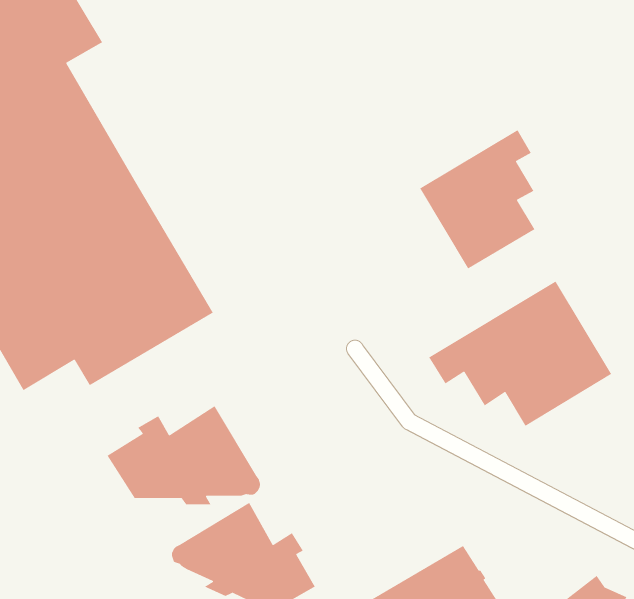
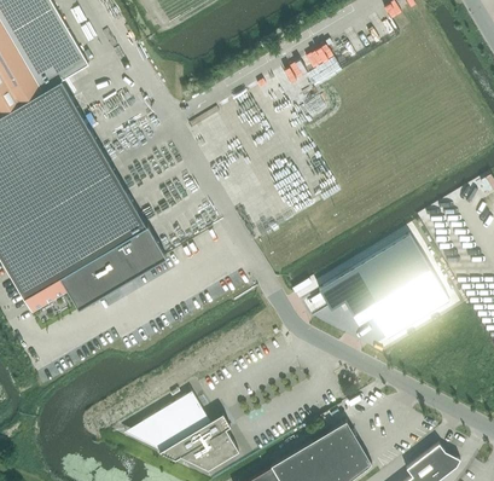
building: [419,129,536,269] -> none
building: [107,405,261,505] -> none

